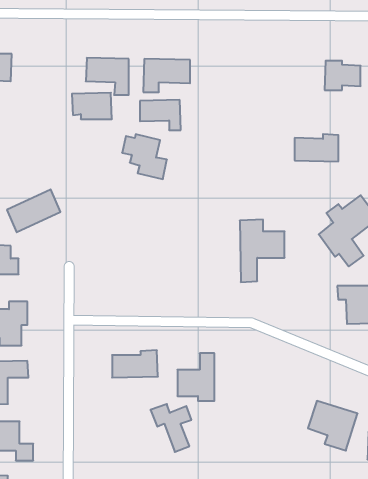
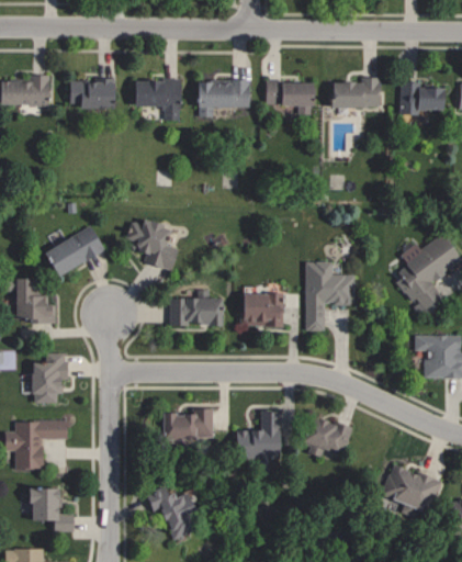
building: [72,93,112,119] -> [69,79,114,109]
building: [140,100,181,130] -> [267,81,313,115]
building: [295,134,338,161] -> [331,77,381,108]
building: [122,134,167,179] -> [127,220,178,270]
building: none -> [170,290,222,326]
building: none -> [240,293,284,326]
building: none -> [302,416,353,458]
building: [150,404,191,452] -> [146,487,192,541]

